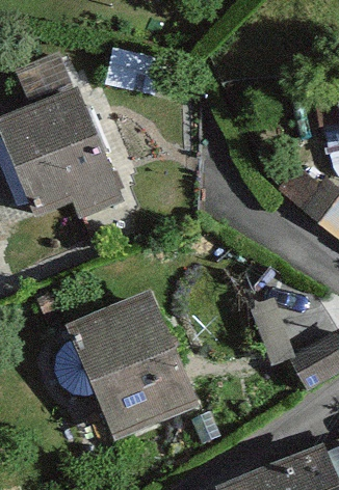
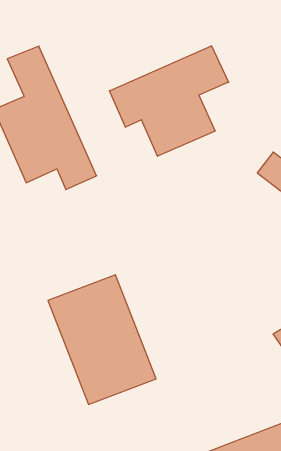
building: none -> [109,46,229,156]

